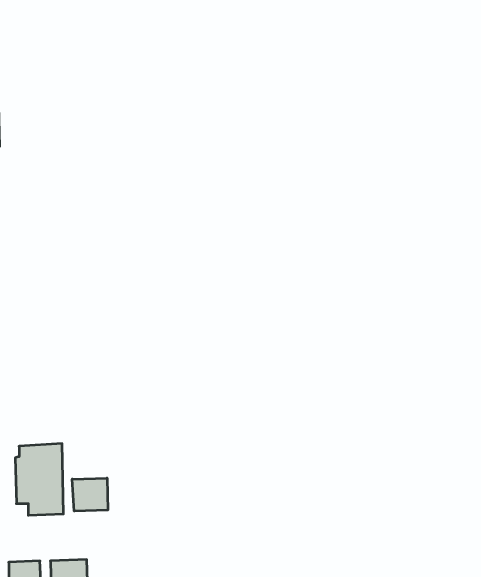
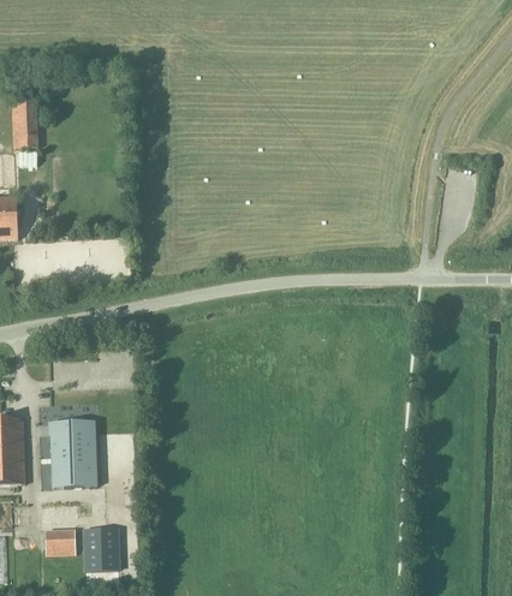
building: [72,478,108,511] -> none

